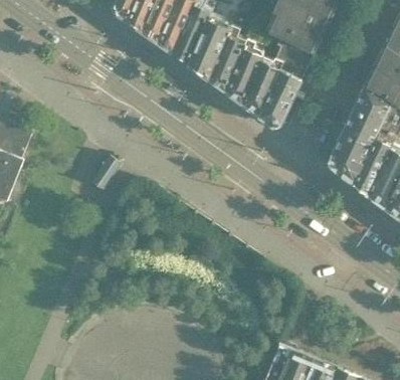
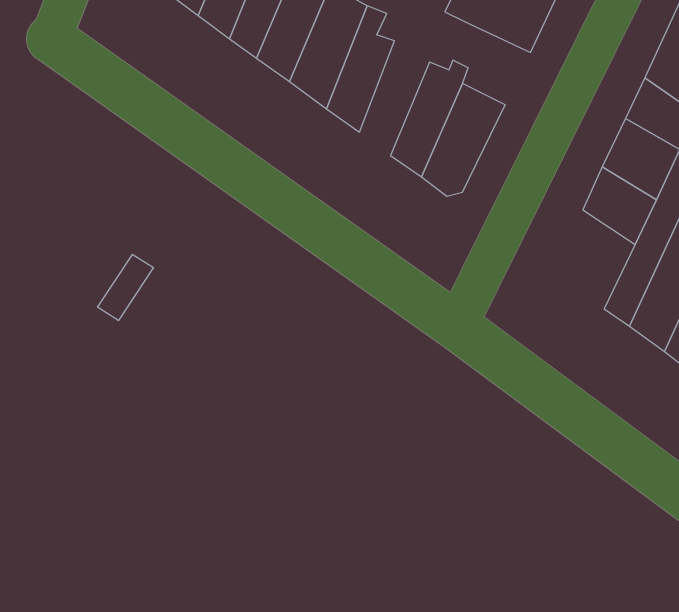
building: [274,36,315,79] -> none
building: [226,40,262,106] -> none
building: [329,134,369,185] -> none

